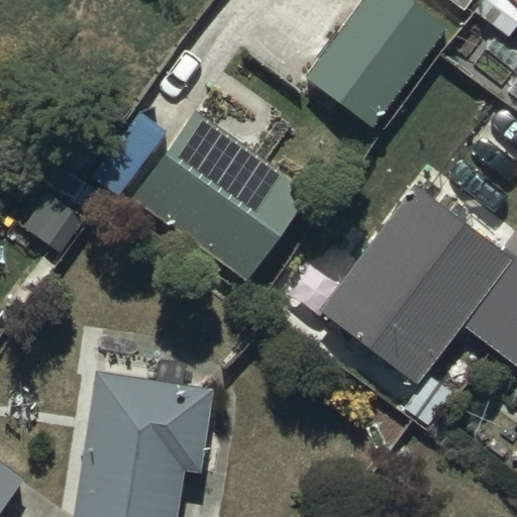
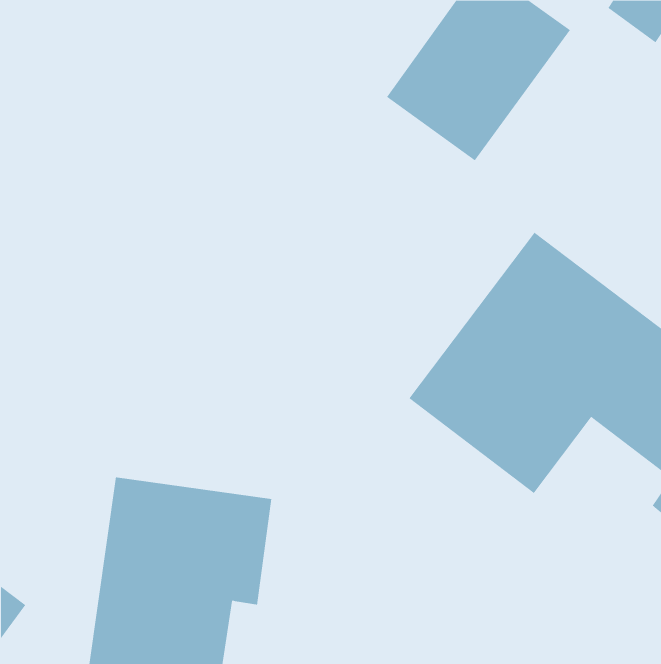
building: [132,109,308,279] -> none

